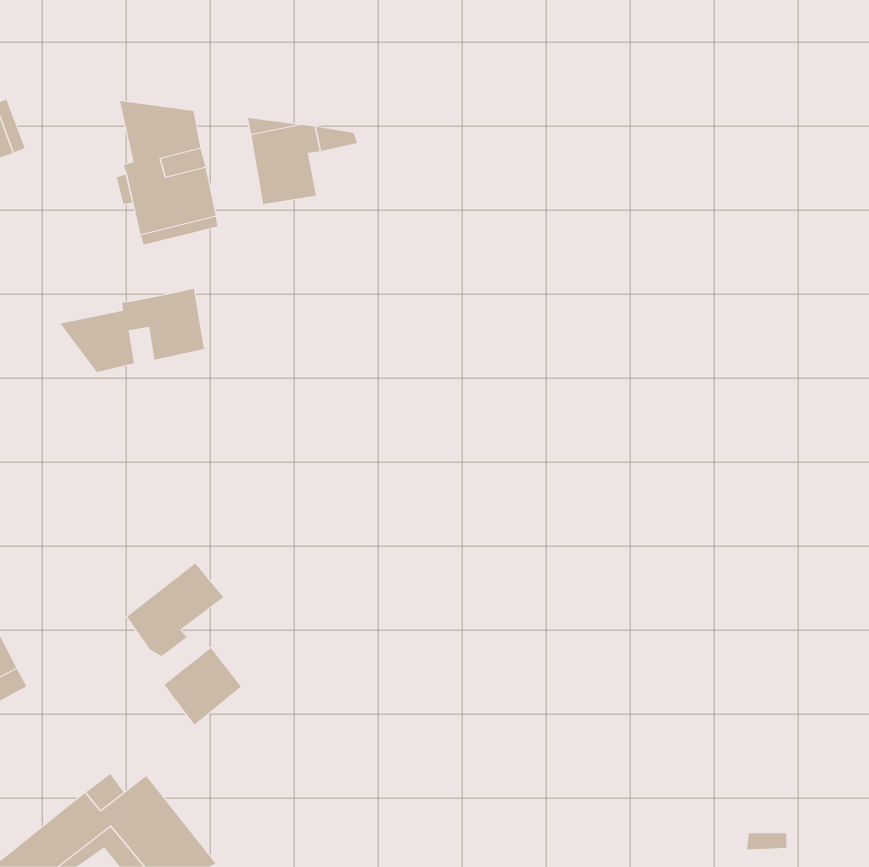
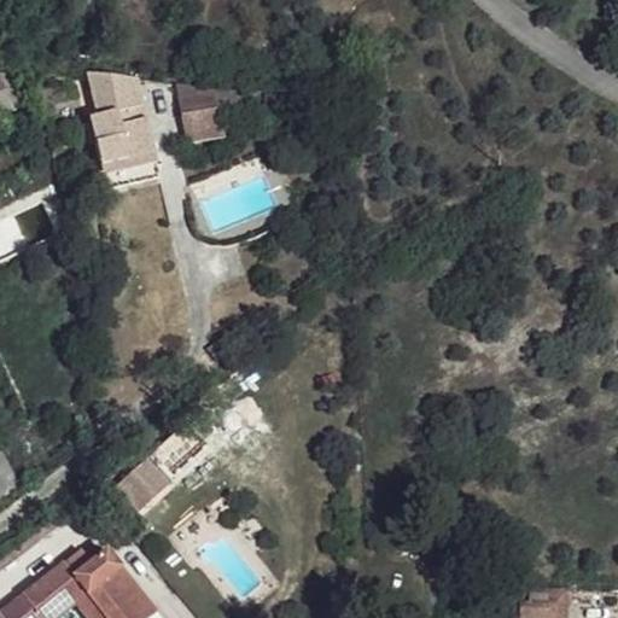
building: [59,288,205,373] -> none
building: [126,562,224,657] -> none

